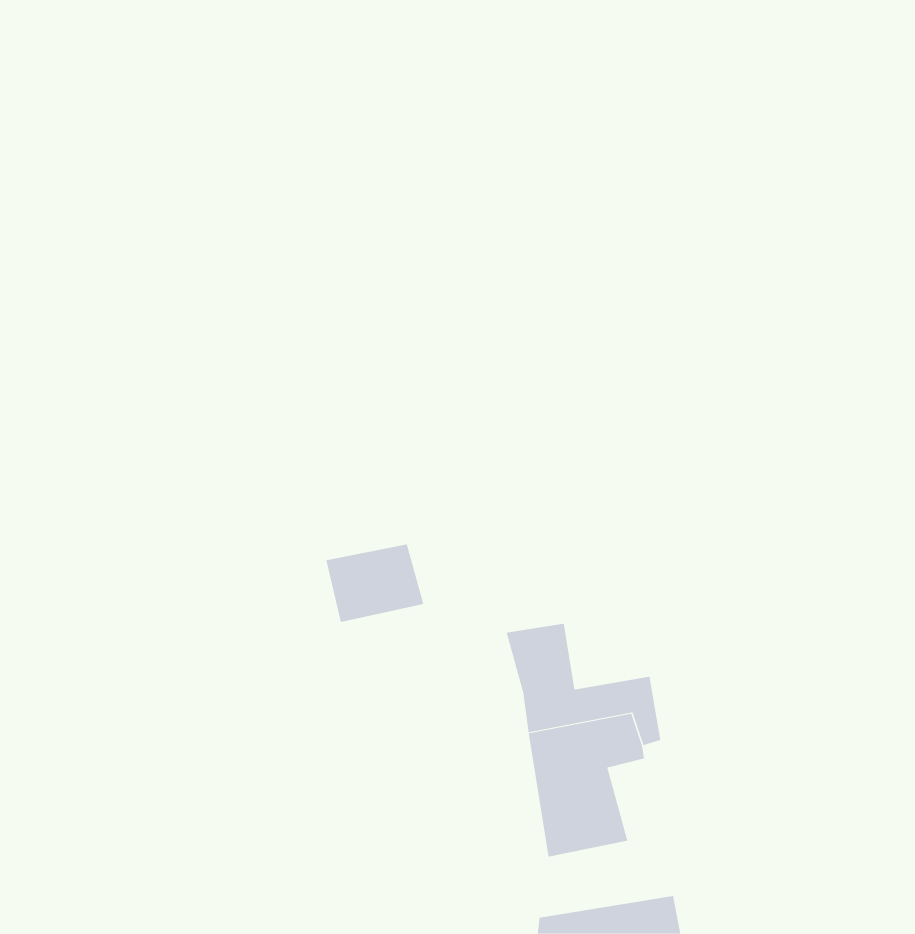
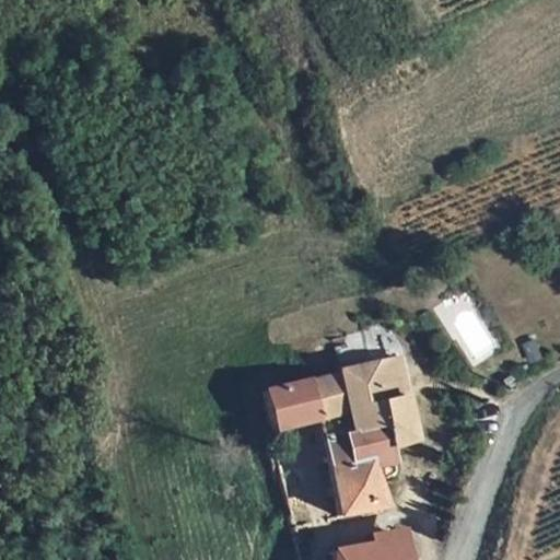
building: [325,544,424,622] -> [265,378,324,425]
building: none -> [349,361,422,443]

